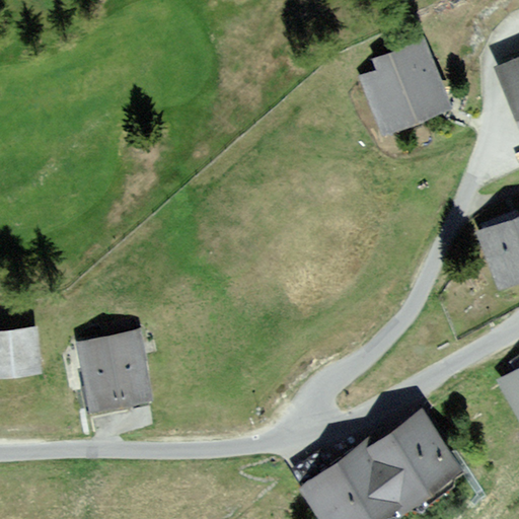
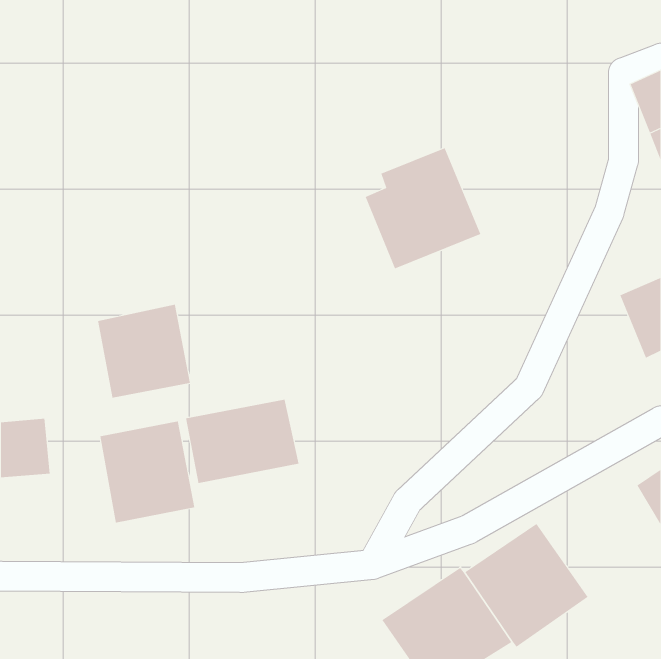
building: [360,40,451,135] -> [365,148,481,269]
building: none -> [97,304,191,399]
building: none -> [185,399,299,484]

